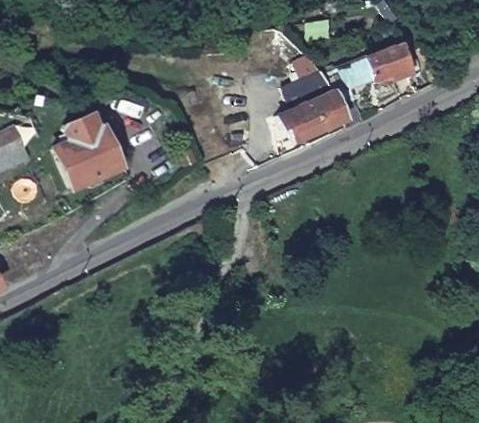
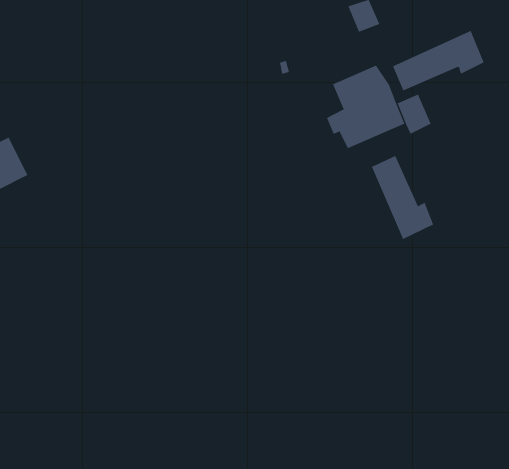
building: [57,113,123,188] -> none
building: none -> [371,155,434,240]

